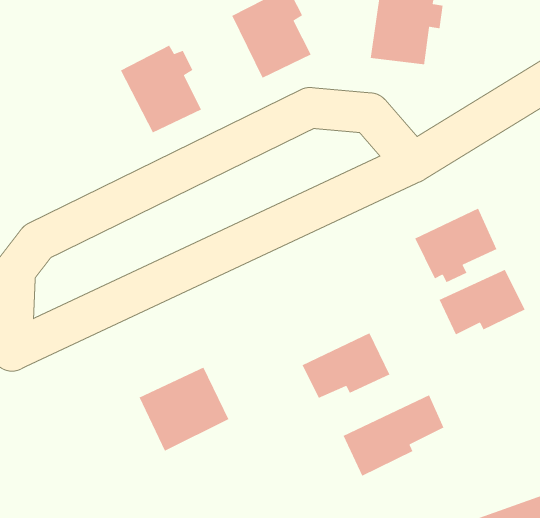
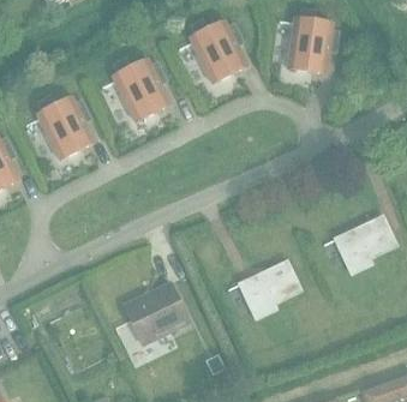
building: none -> [36,97,94,160]
building: [414,208,497,283] -> none
building: [342,394,444,477] -> none

